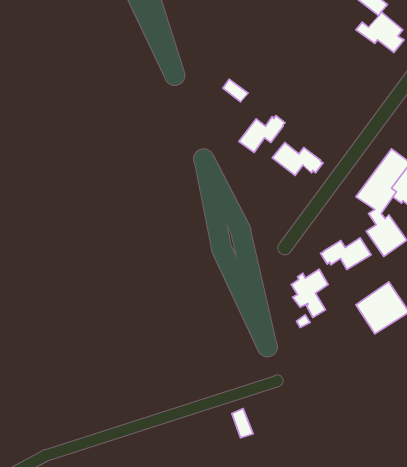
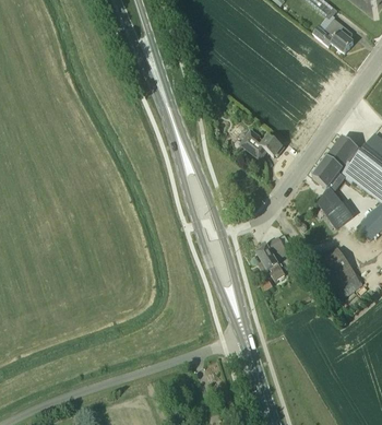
building: [239,116,285,152] -> none
building: [321,238,371,269] -> none

